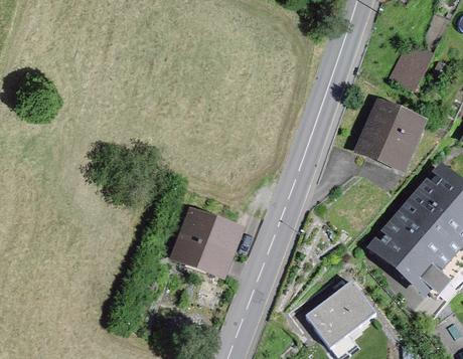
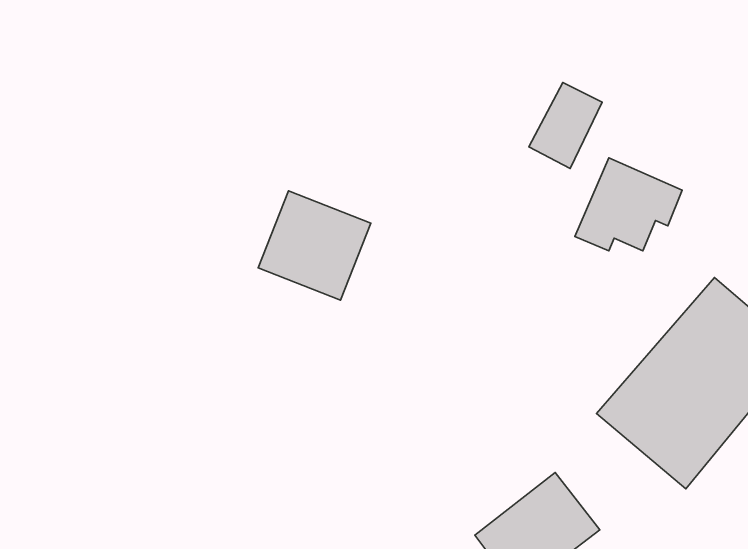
building: [391,41,432,89] -> [529,82,602,168]
building: [175,213,239,275] -> [258,191,371,300]

